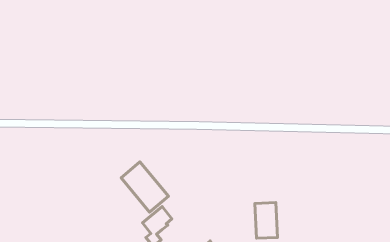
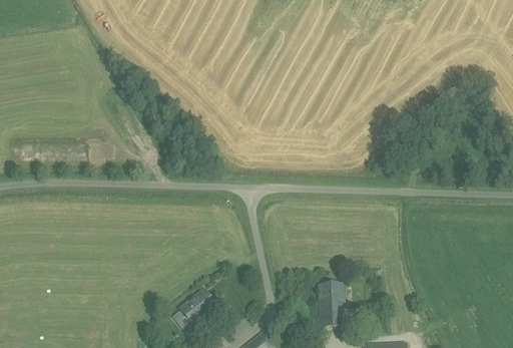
building: [121,162,169,212] -> none

